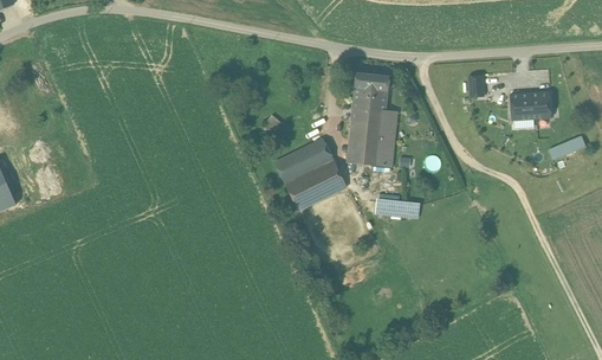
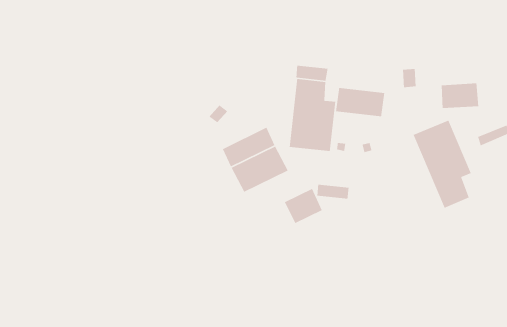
building: none -> [335,87,385,117]
building: none -> [412,119,472,209]
building: none -> [284,188,323,224]

